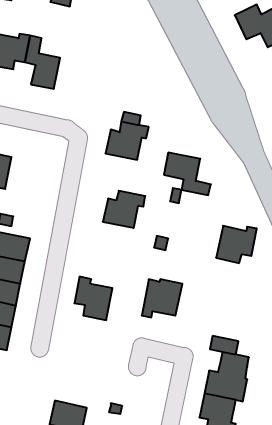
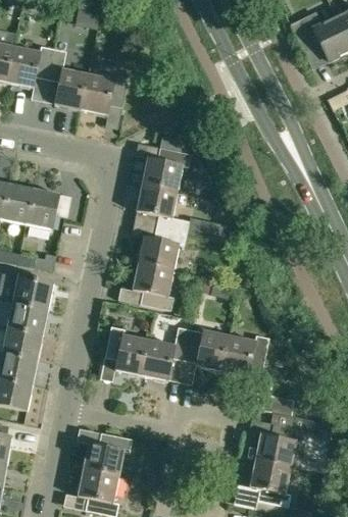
building: none -> [82,73,129,115]
building: [164,153,211,195] -> [136,184,190,232]
building: none -> [26,188,59,229]
building: none -> [133,262,173,310]
building: [216,226,257,263] -> [221,333,268,376]
building: none -> [142,326,191,380]
building: none -> [83,432,132,476]

